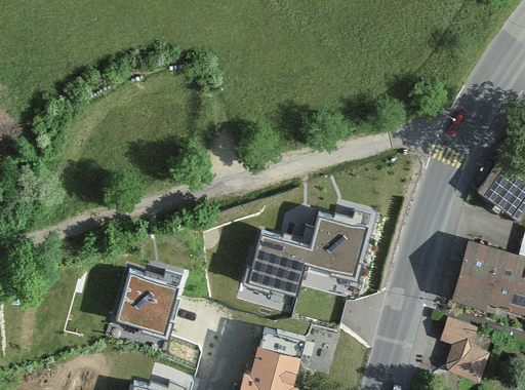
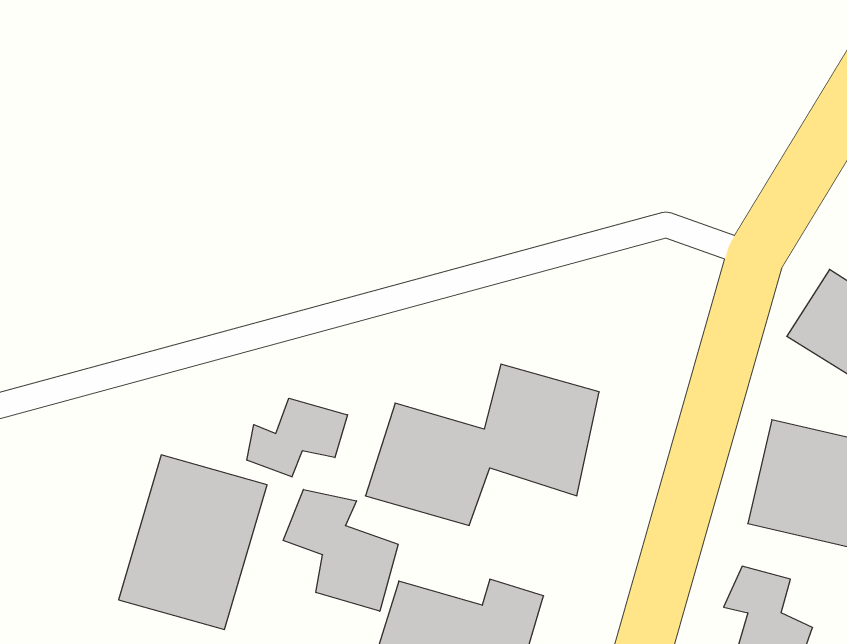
building: none -> [247,398,348,477]
building: none -> [283,489,398,611]

